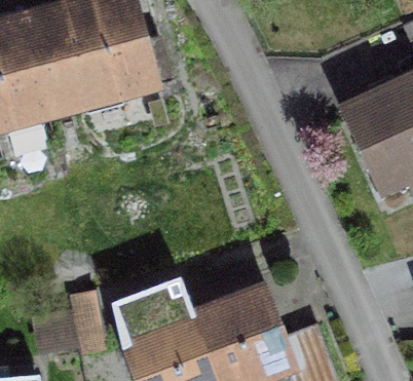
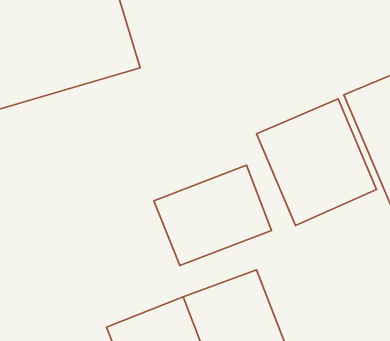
building: none -> [256,99,376,225]
building: none -> [154,165,272,265]

